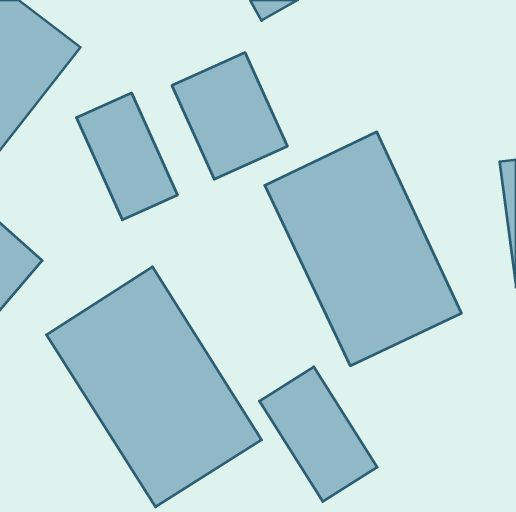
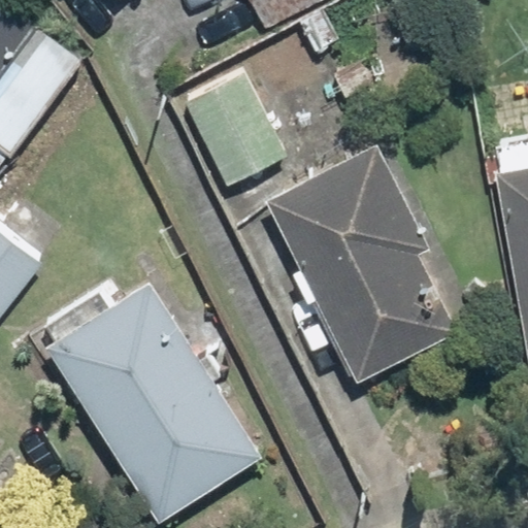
building: [76,93,177,220] -> none
building: [259,367,377,502] -> none

